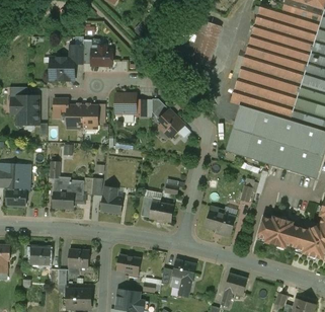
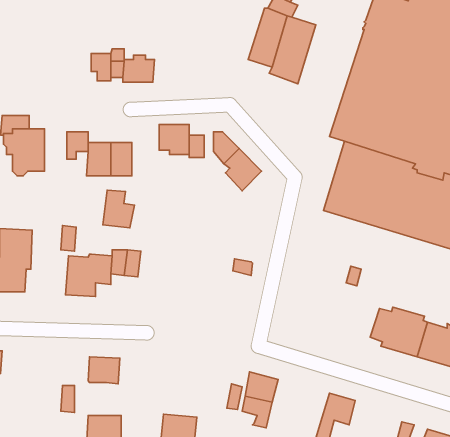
building: [49,58,73,80] -> none
building: [100,187,121,213] -> [103,190,134,228]
building: [140,197,172,222] -> none
building: [204,206,235,237] -> none
building: [25,246,50,264] -> none
building: [115,254,140,278] -> none

